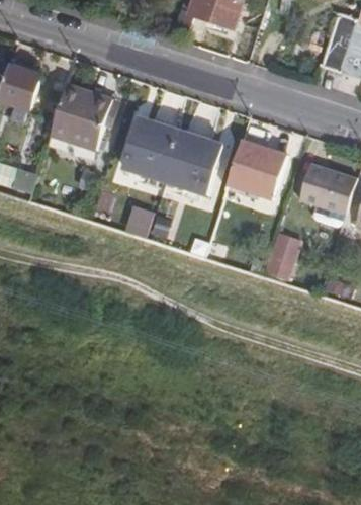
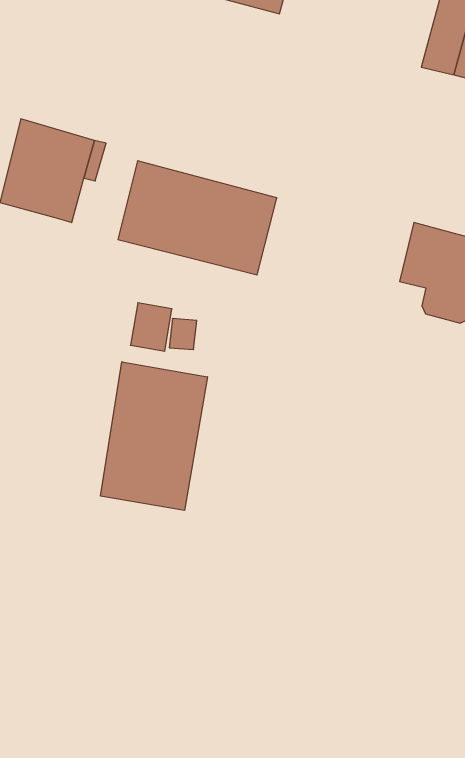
building: [225,142,284,199] -> none
building: [263,230,303,280] -> none
building: none -> [101,362,207,510]

